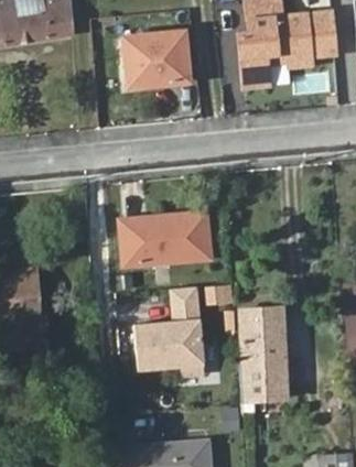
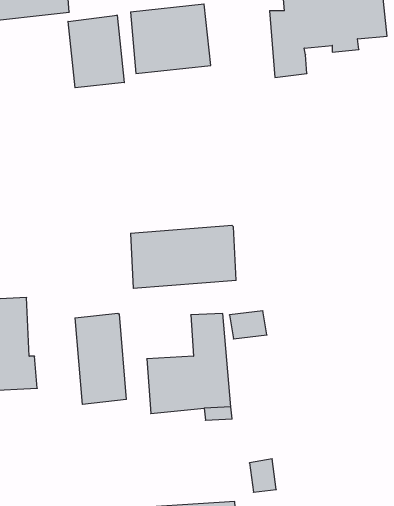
building: none -> [68,15,124,88]
building: none -> [75,313,126,404]
building: [241,308,285,398] -> none

